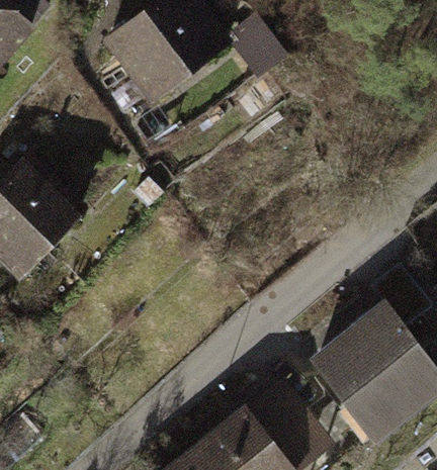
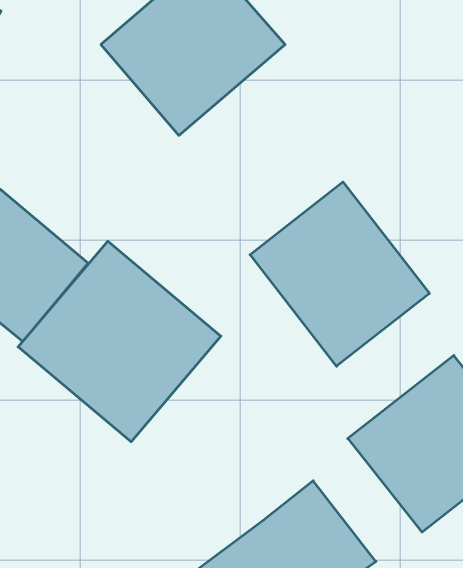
building: none -> [250,182,429,366]
building: none -> [18,241,221,442]

